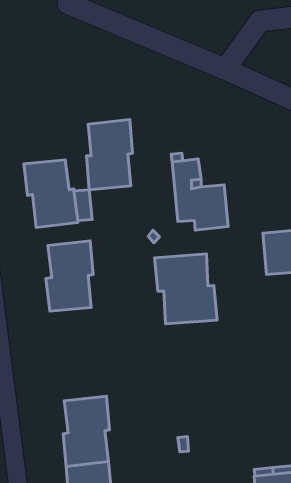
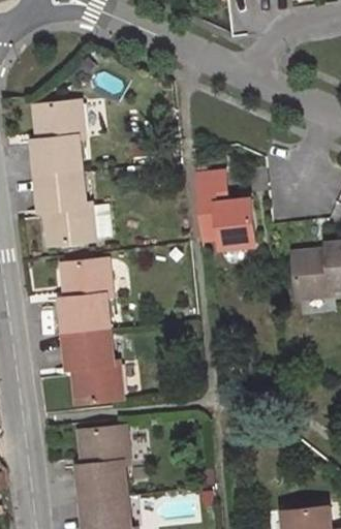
building: [86,119,133,190] -> [32,101,82,177]
building: [155,254,217,324] -> none
building: none -> [63,331,121,403]

